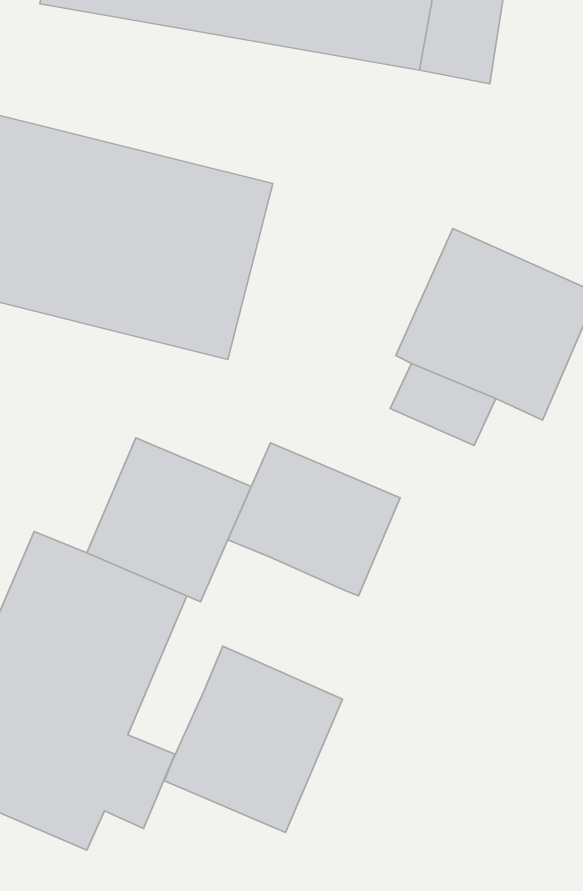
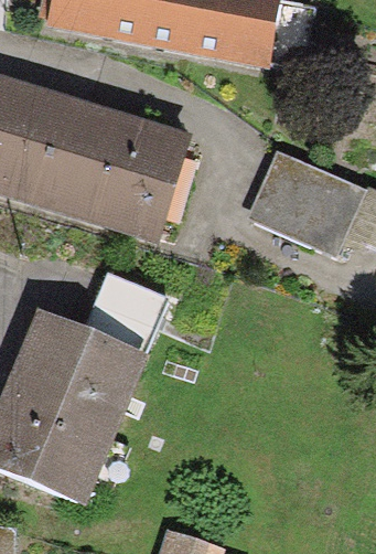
building: [228,443,400,596] -> none
building: [164,646,343,833] -> none

